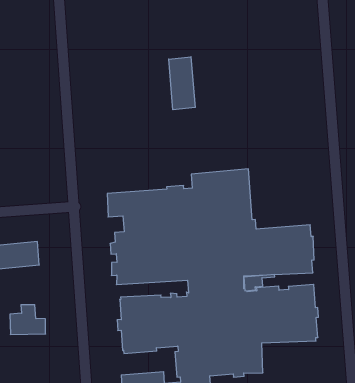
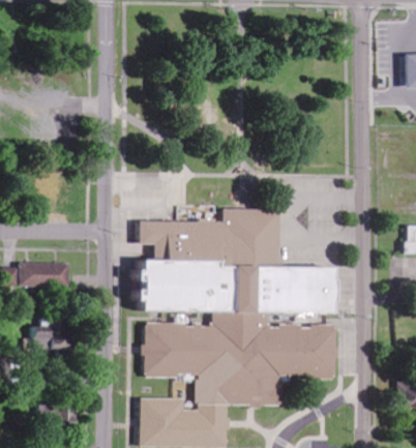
building: [169,57,195,110] -> none

